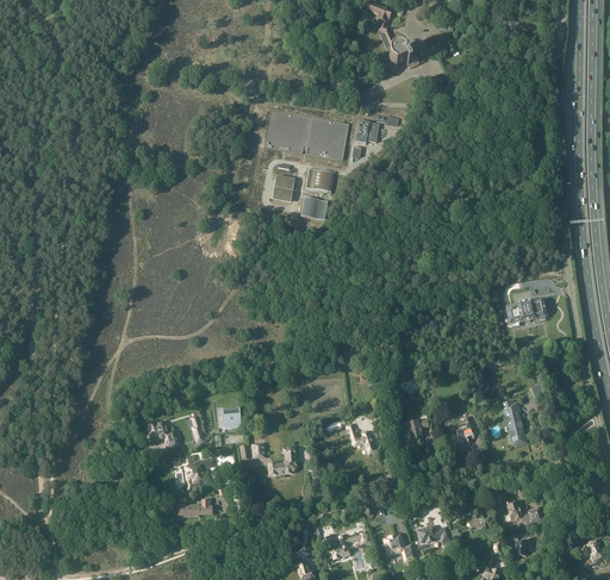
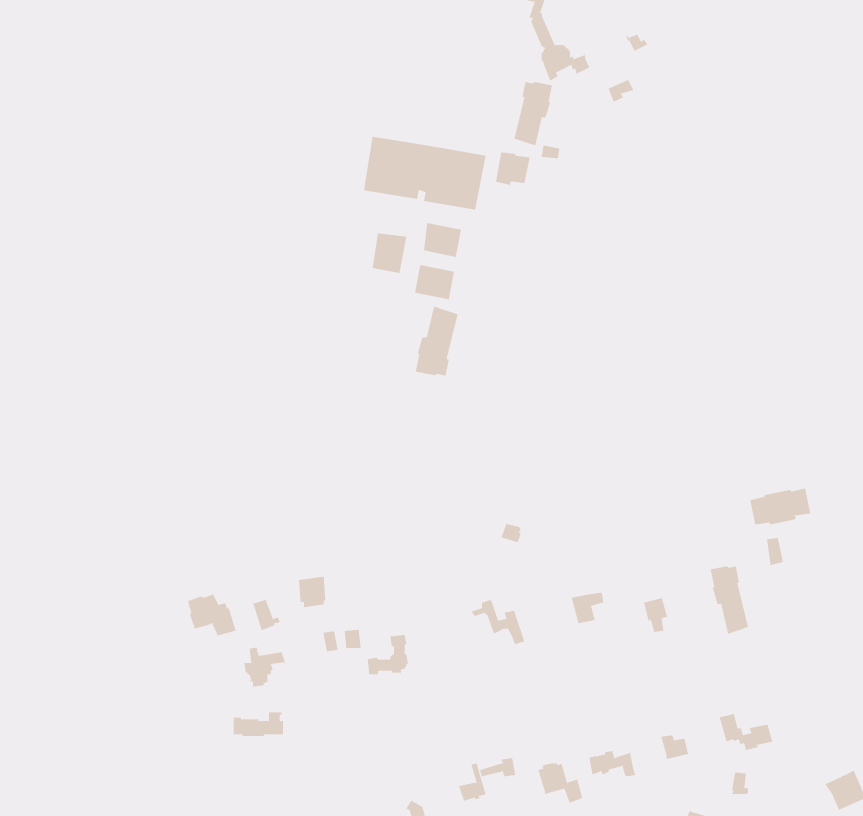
building: none -> [514,81,552,146]
building: none -> [415,306,458,377]
building: [505,298,547,324] -> [750,488,811,526]

